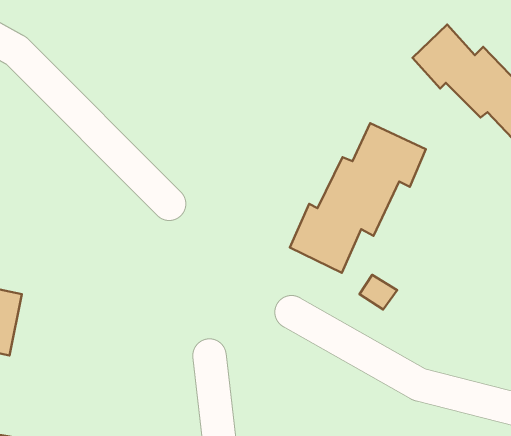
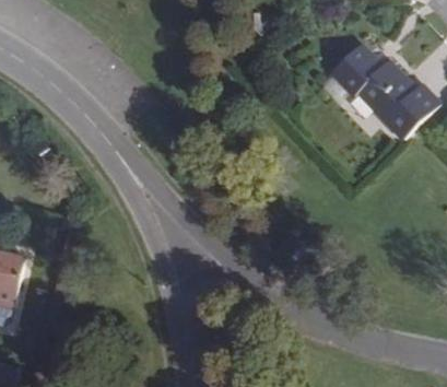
building: [290,123,426,273] -> none

